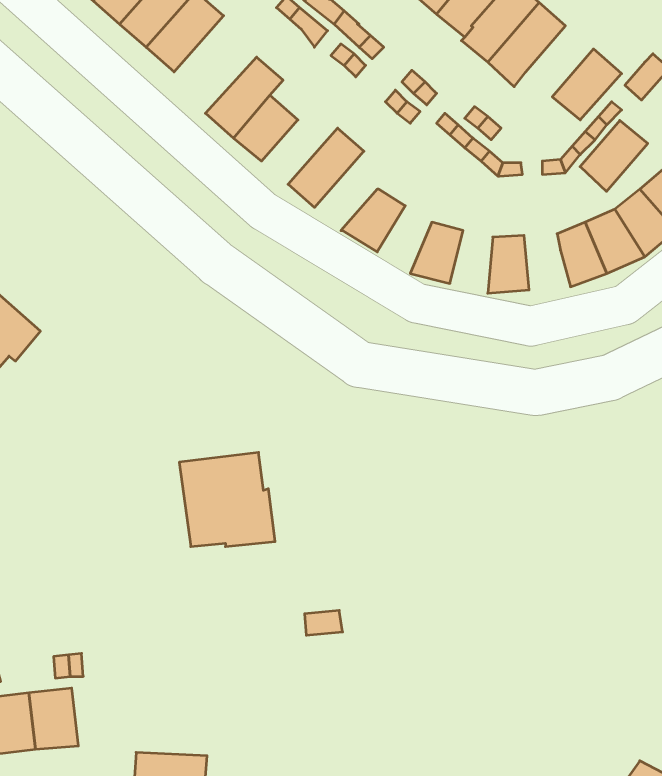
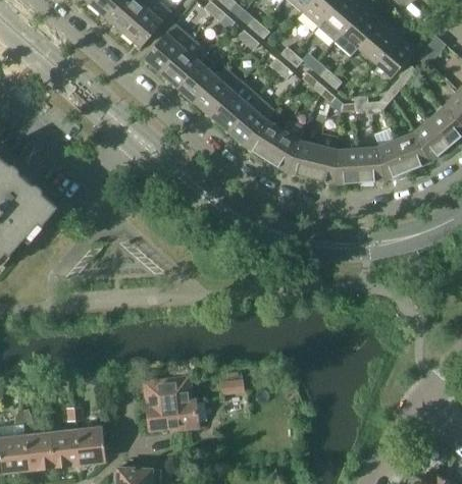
building: none -> [143,23,191,73]
building: none -> [194,67,241,117]
building: [580,120,648,191] -> [357,19,399,63]
building: none -> [226,97,273,146]
building: none -> [265,120,304,172]
building: none -> [310,146,337,184]
building: none -> [356,148,384,182]
building: [179,452,275,547] -> [141,375,200,433]
building: none -> [76,425,106,464]

